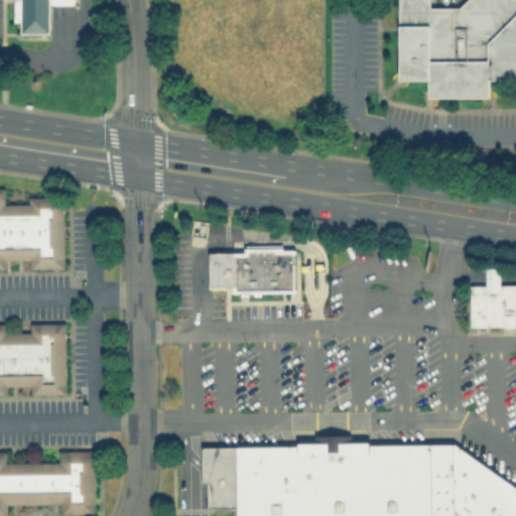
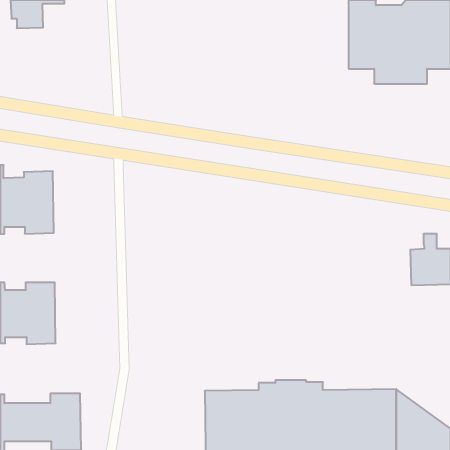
building: [210,247,295,292] -> none
building: [200,447,236,510] -> none

